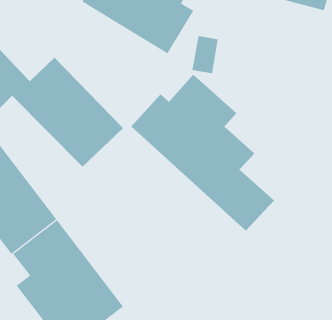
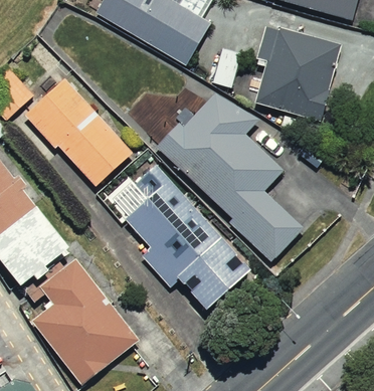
building: none -> [248,25,340,117]
building: none -> [120,165,249,307]

